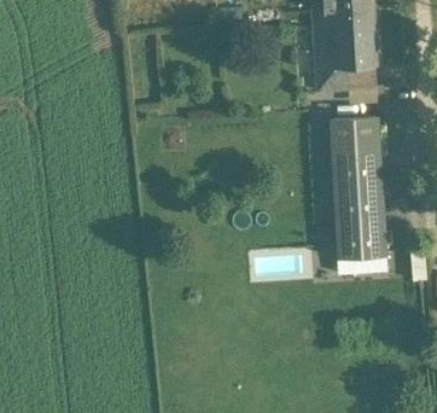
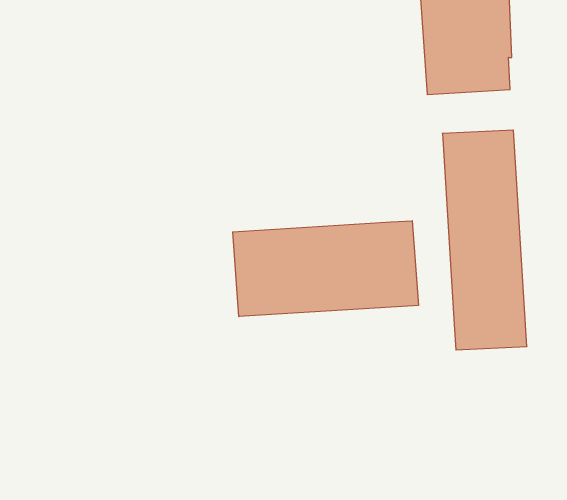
building: none -> [233,221,418,317]

